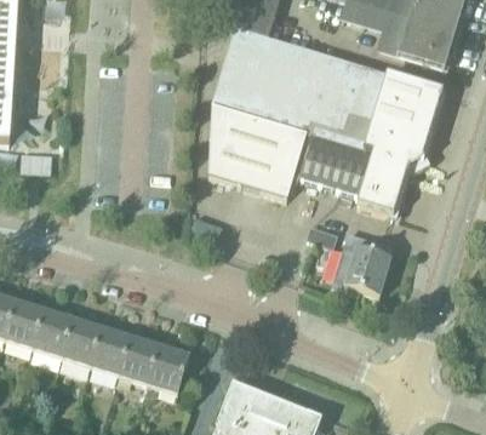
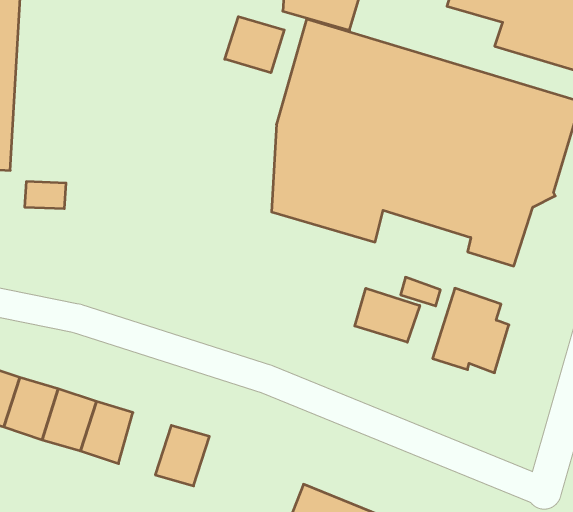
building: none -> [225,17,284,73]
building: none -> [355,288,420,342]
building: [91,326,131,373] -> none
building: [148,344,189,391] -> none

